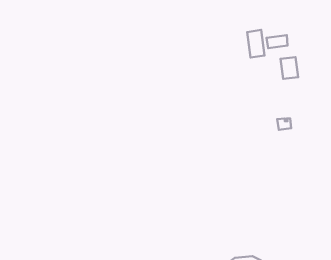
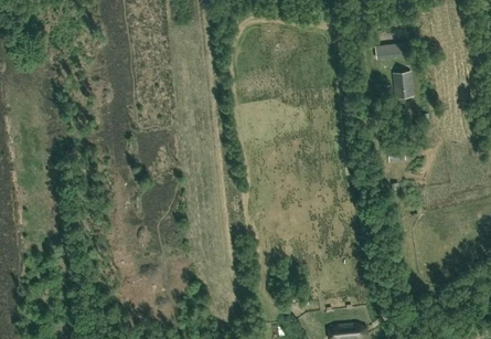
building: [247,30,264,58] -> none

